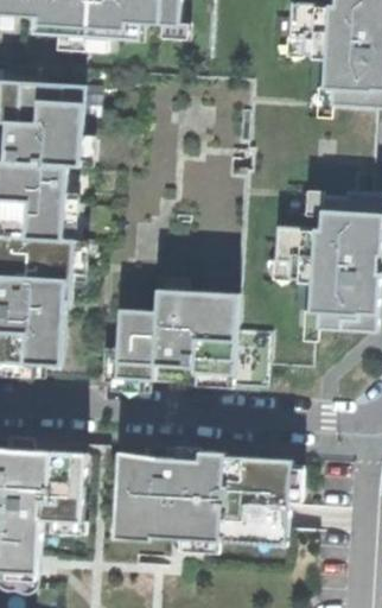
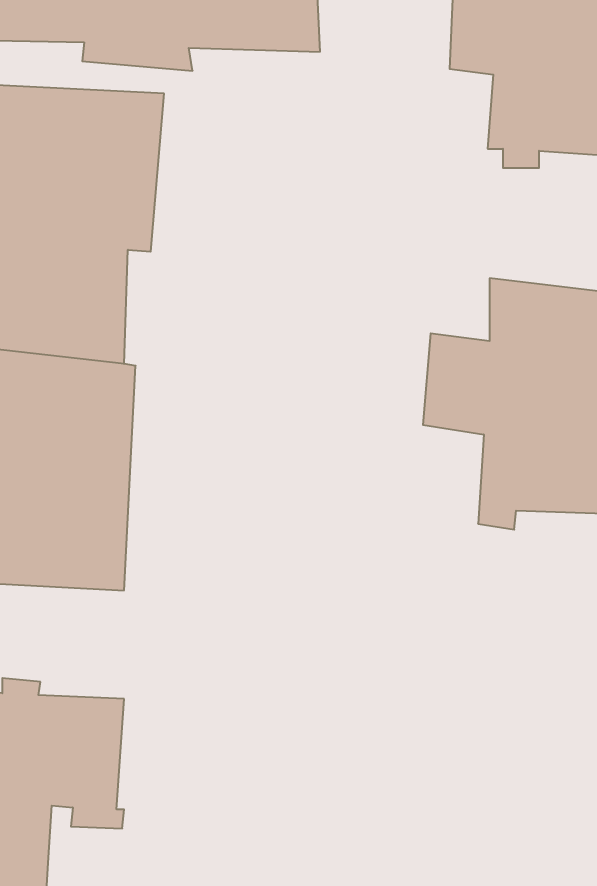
building: [110,285,260,393] -> none
building: [107,445,299,549] -> none

